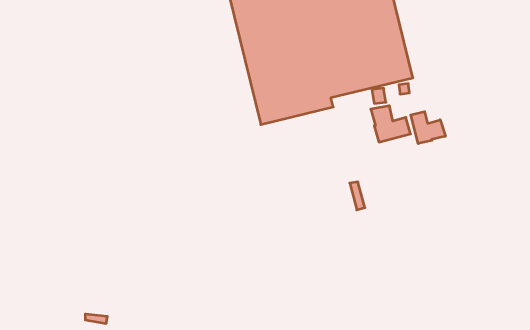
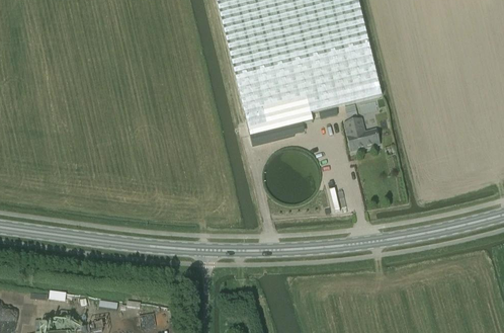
building: [411,112,445,144] -> none

